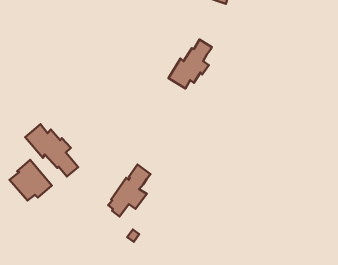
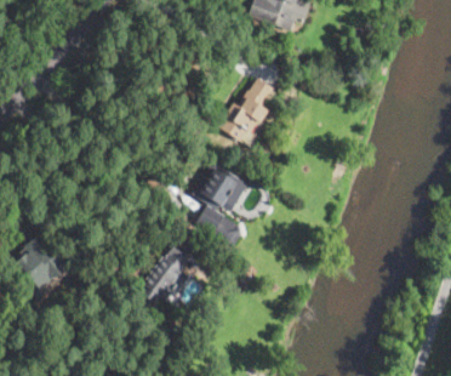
building: none -> [193,166,242,250]
building: [25,124,78,177] -> none

